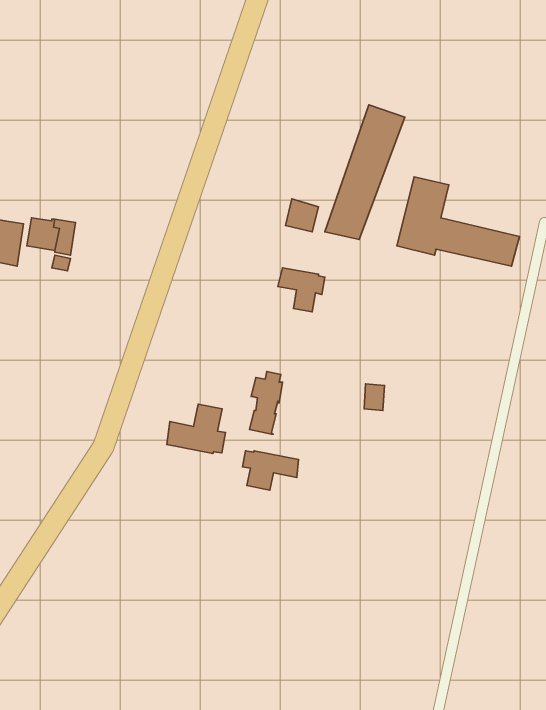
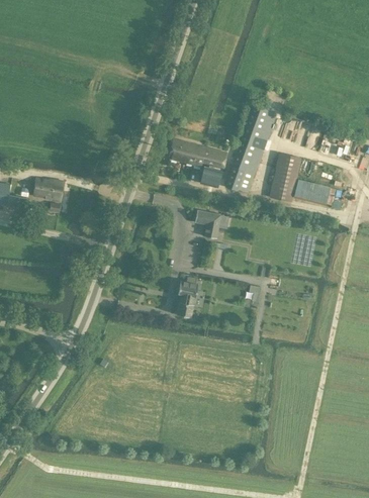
building: none -> [168,138,227,168]
building: [167,404,226,454] -> none
building: [242,451,299,490] -> none

